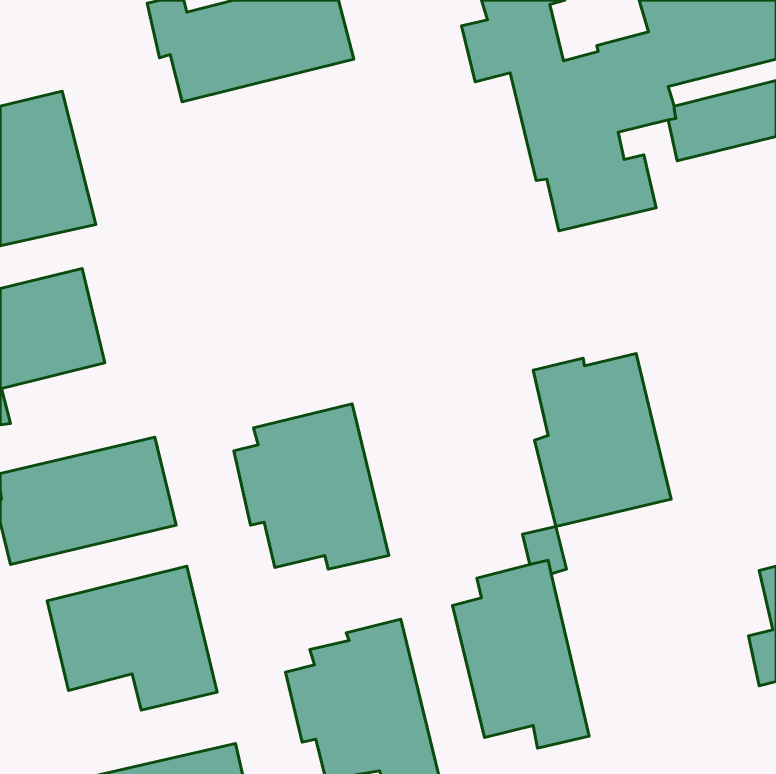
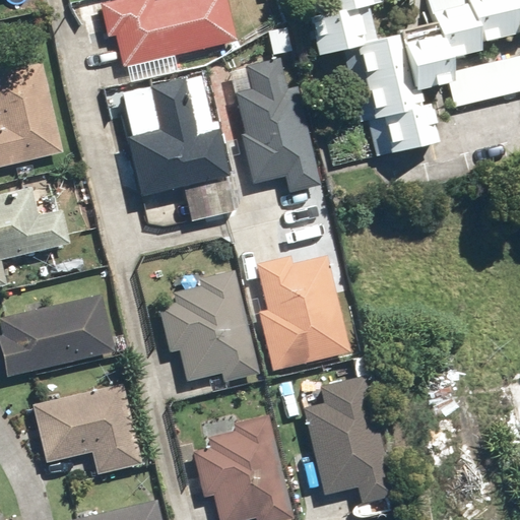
building: none -> [232,54,323,204]
building: none -> [124,78,242,222]
building: [533,354,671,527] -> [257,255,349,371]

